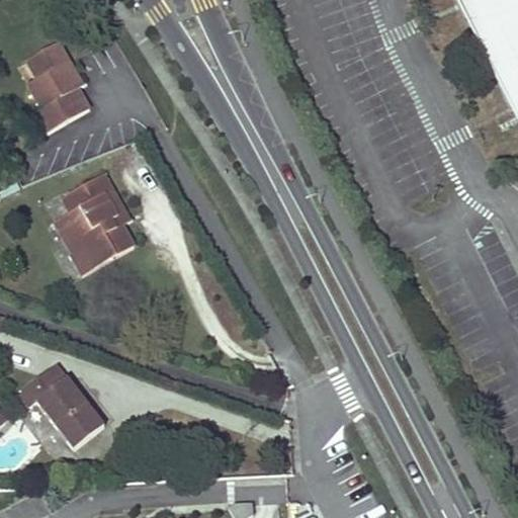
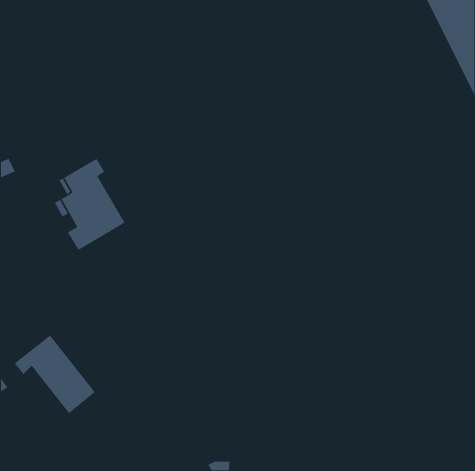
building: [24,39,89,131] -> none

